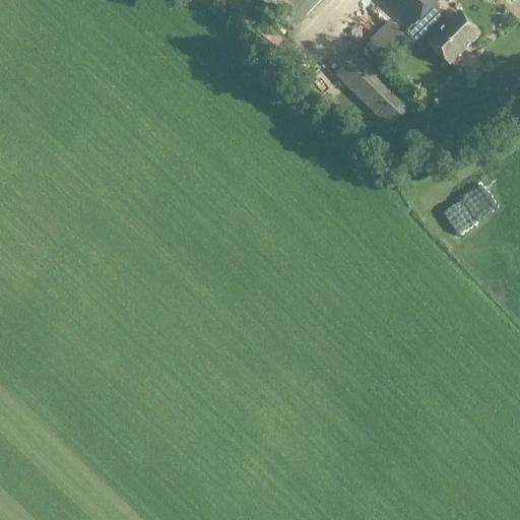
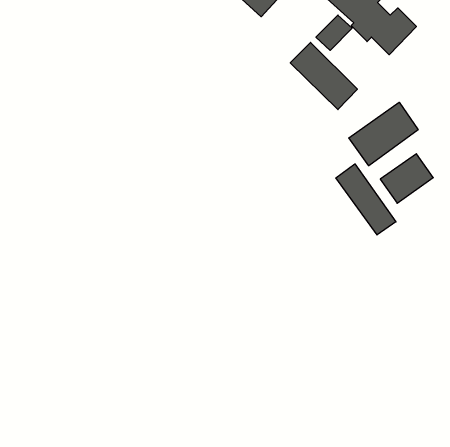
building: none -> [349,102,418,166]
building: none -> [336,164,396,235]

